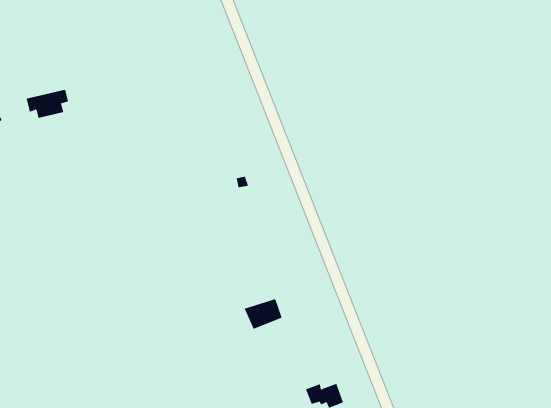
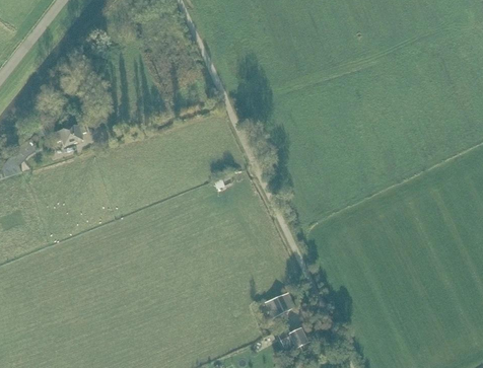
building: [244,298,283,330] -> [264,293,293,317]

